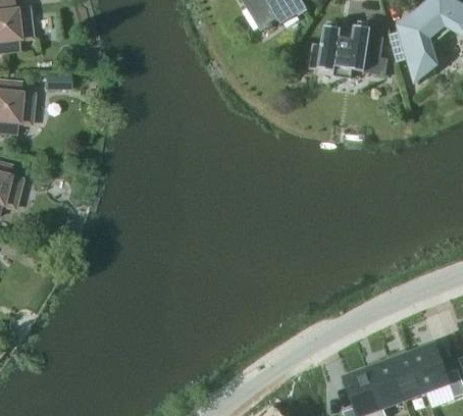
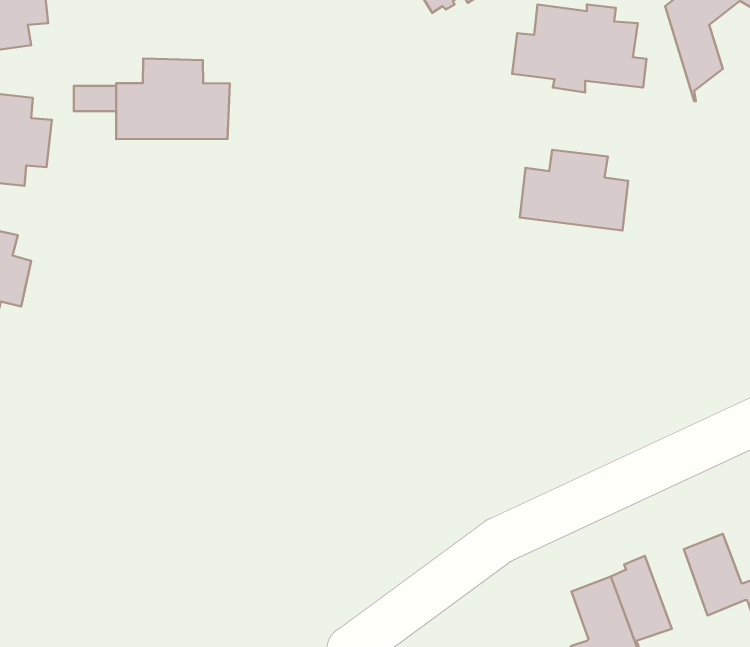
building: none -> [116,58,230,139]
building: none -> [520,150,628,230]
building: [389,351,426,400] -> none

